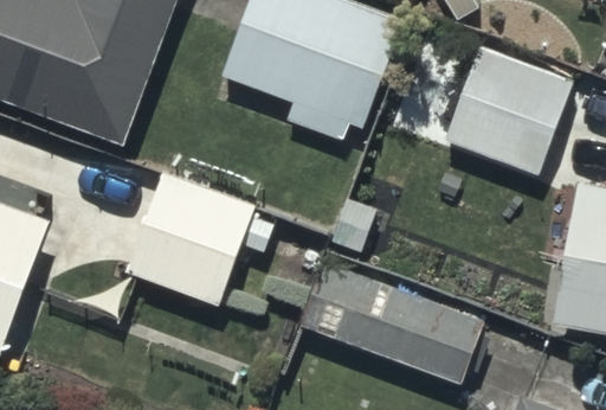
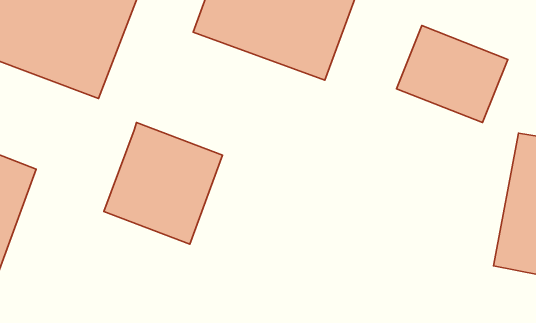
building: [299,267,482,385] -> none

